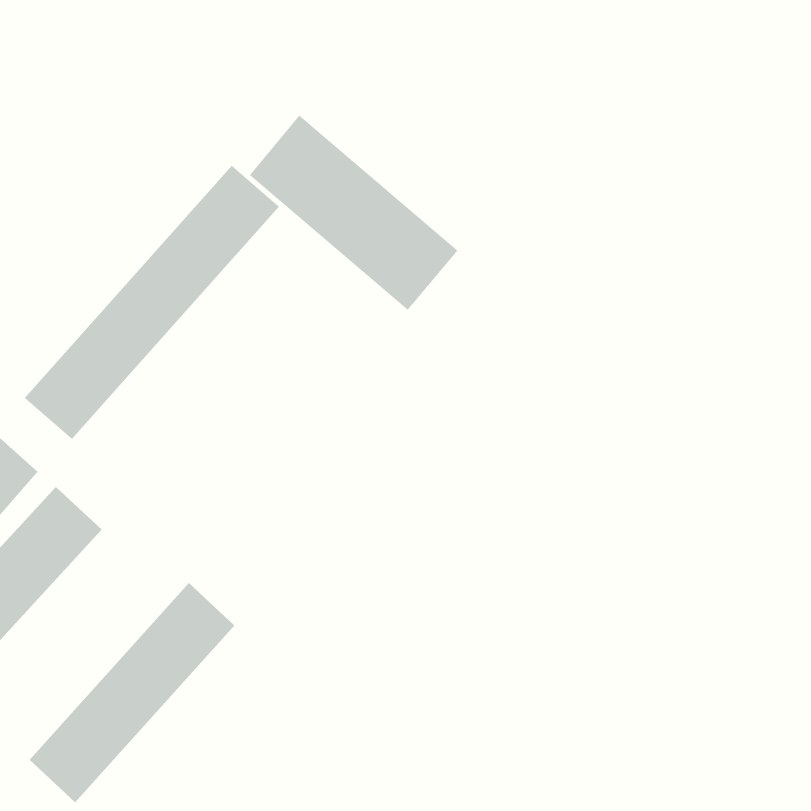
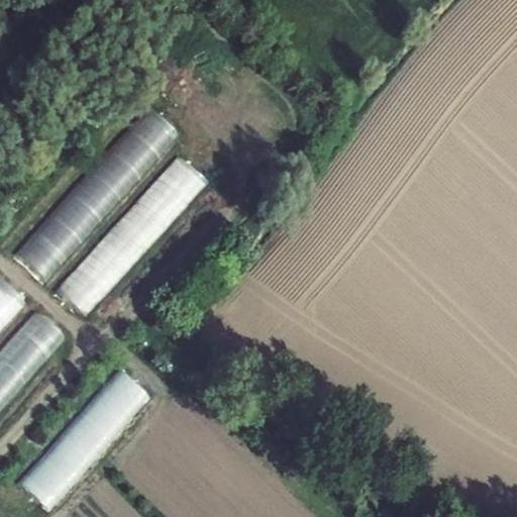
building: [249,115,458,311] -> none
building: none -> [56,154,204,318]

